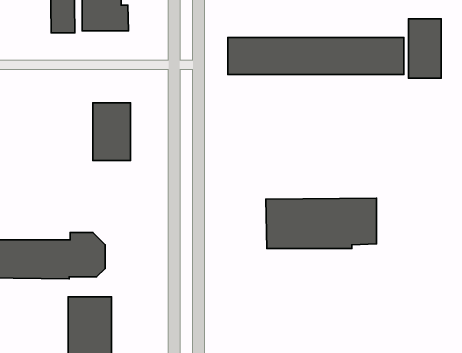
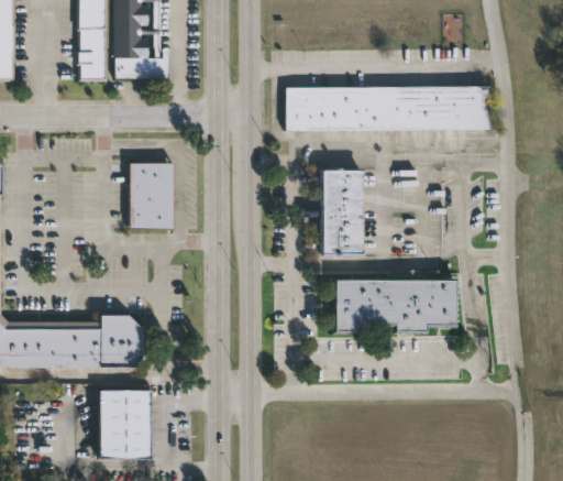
building: [408,19,441,78] -> none
building: none -> [321,167,362,253]

